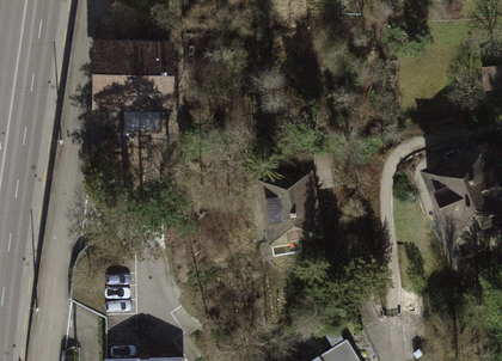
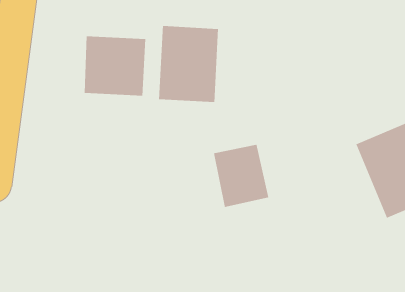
building: none -> [159,25,219,103]

